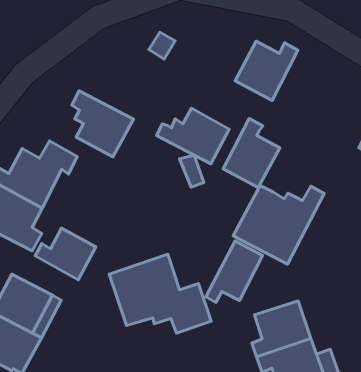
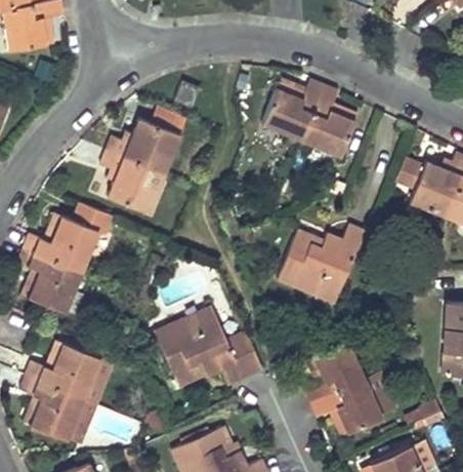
building: [157,108,229,164] -> [108,118,180,172]
building: [223,119,280,187] -> [303,87,359,156]
building: [35,228,96,280] -> none
building: [206,241,263,302] -> none

